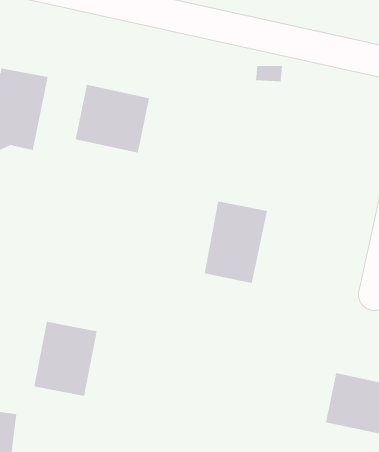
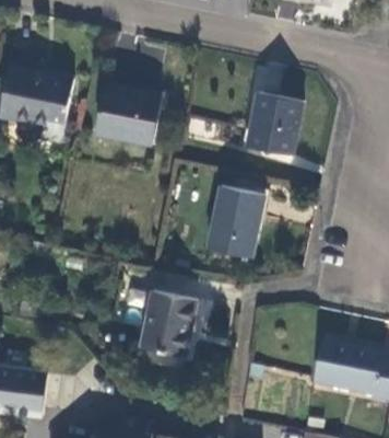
building: none -> [247,93,303,155]
building: [34,321,97,396] -> [141,290,197,356]

